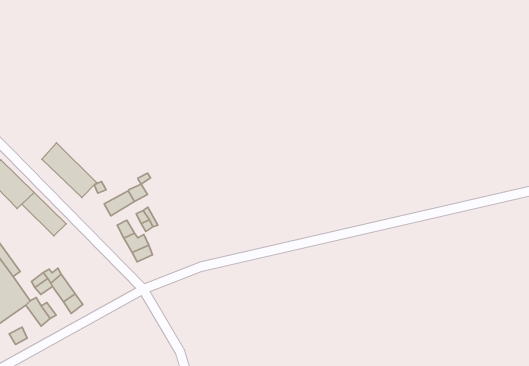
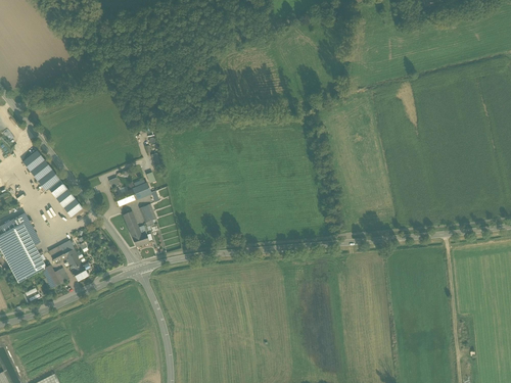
building: [42,143,97,198] -> none

